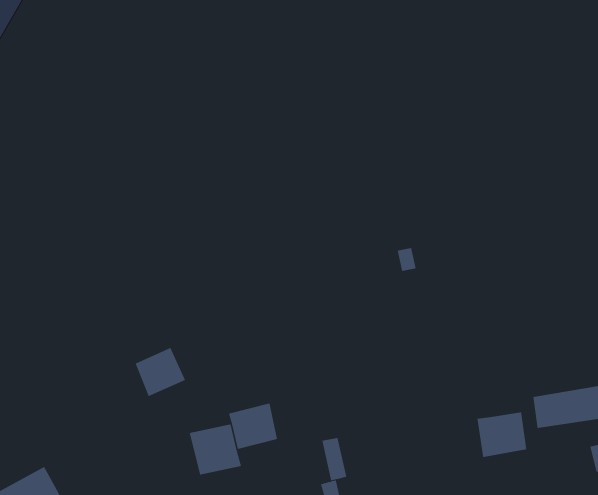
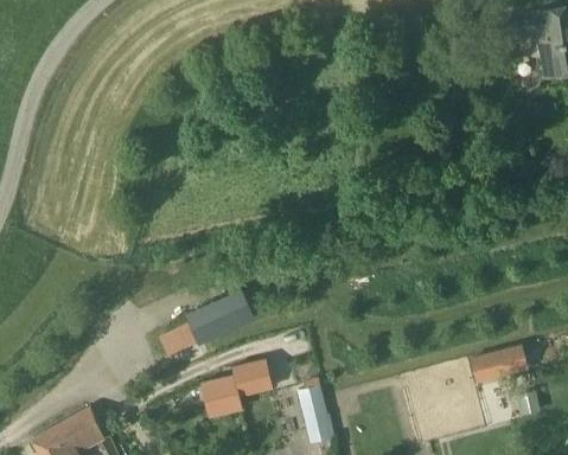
building: none -> [202,291,251,337]
building: [477,412,527,458] -> none

